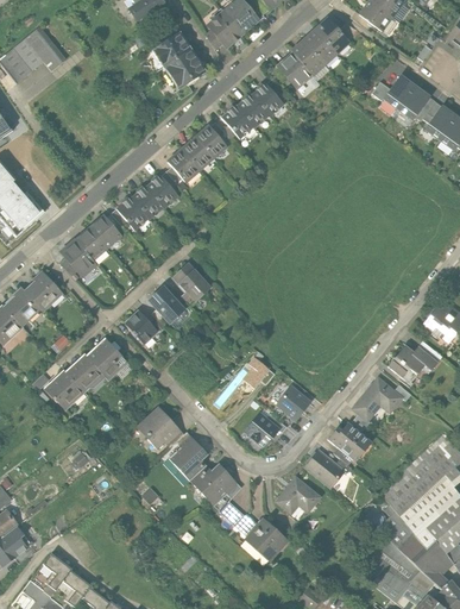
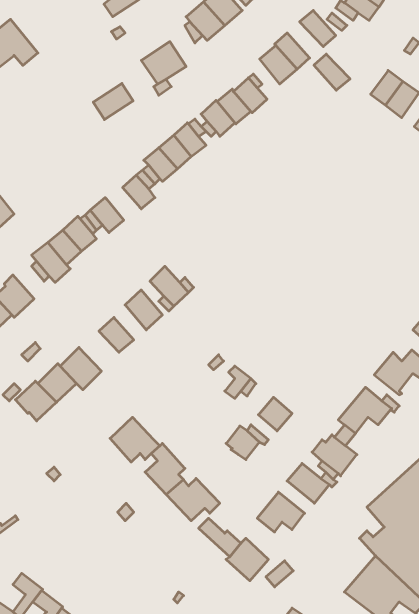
building: [304,29,339,63] -> [314,54,350,90]
building: [155,31,193,65] -> [93,83,133,120]
building: [132,184,164,218] -> none

